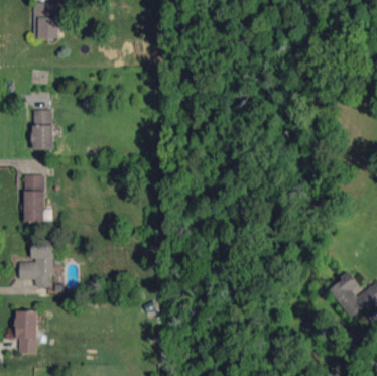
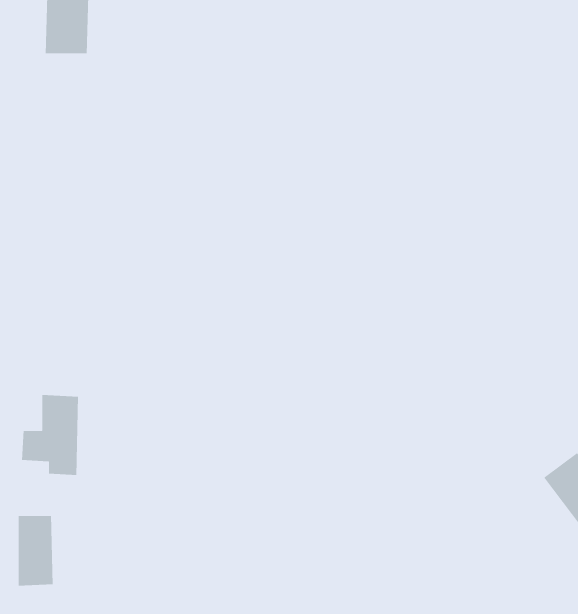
building: [31,111,52,150] -> none
building: [23,175,43,223] -> none

